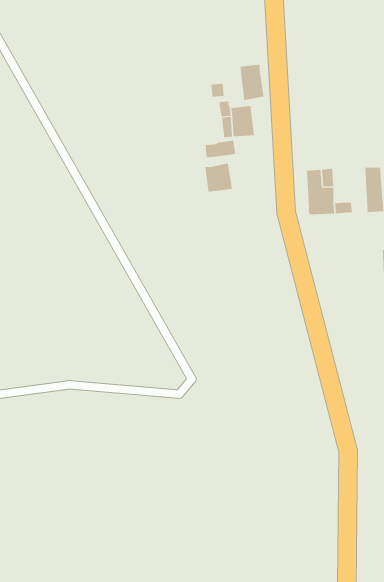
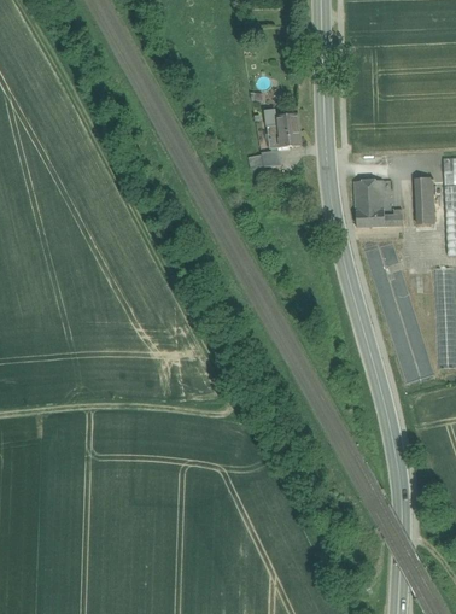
building: [240,64,264,101] -> none
building: [205,163,233,192] -> none

